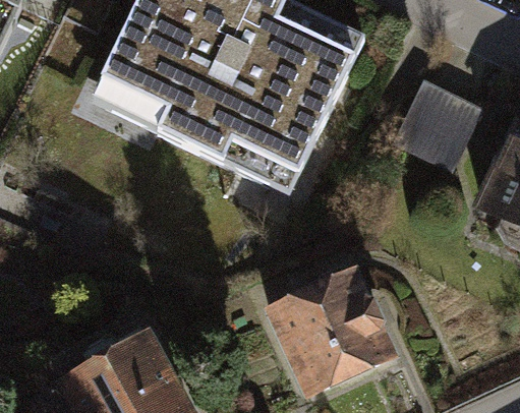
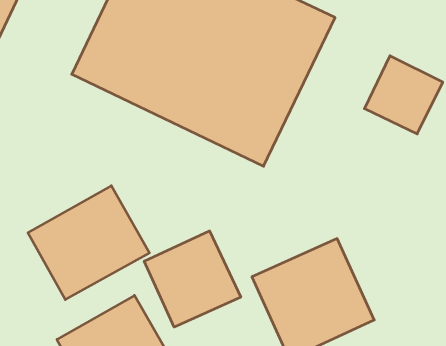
building: none -> [28,186,149,300]
building: none -> [144,231,241,327]

